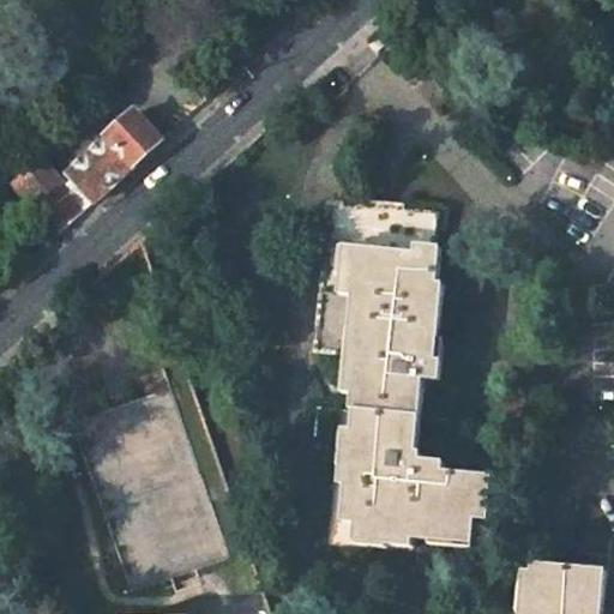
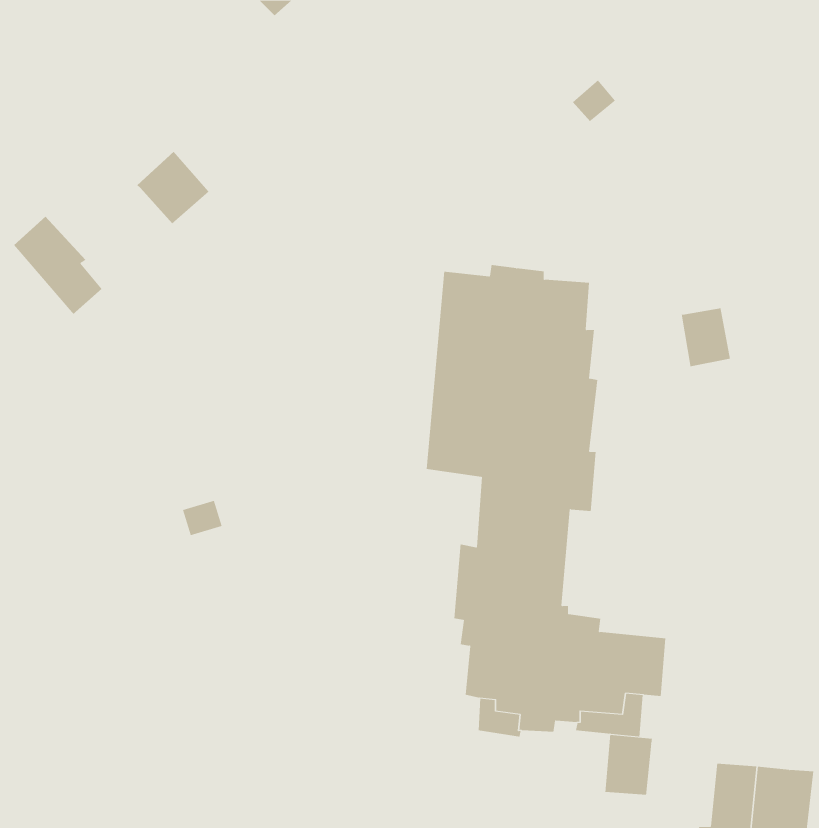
building: [64,140,127,204] -> none
building: none -> [681,307,731,367]
building: none -> [605,734,652,796]

